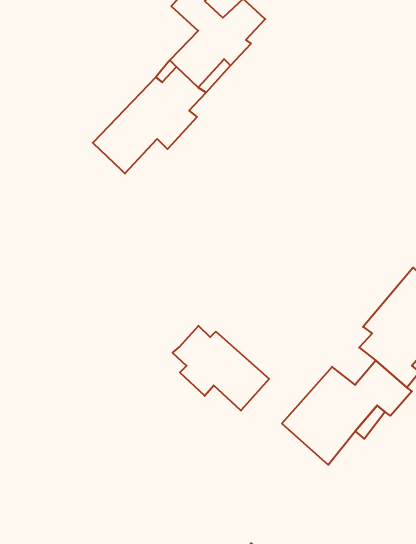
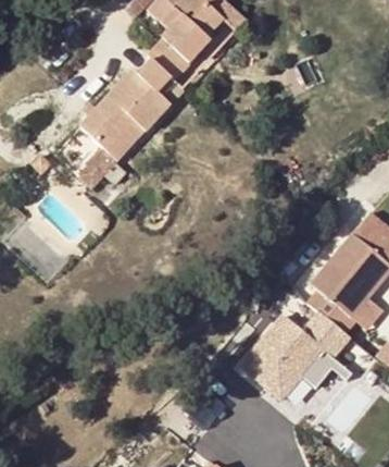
building: none -> [80,121,145,185]
building: [173,326,269,411] -> none

